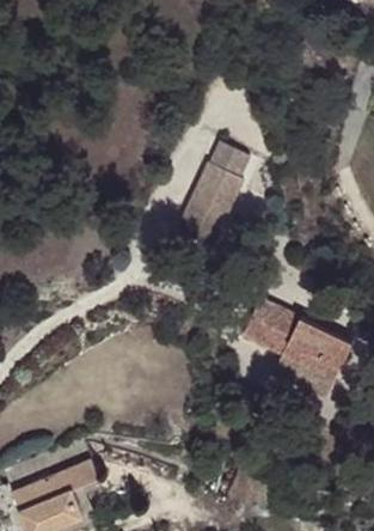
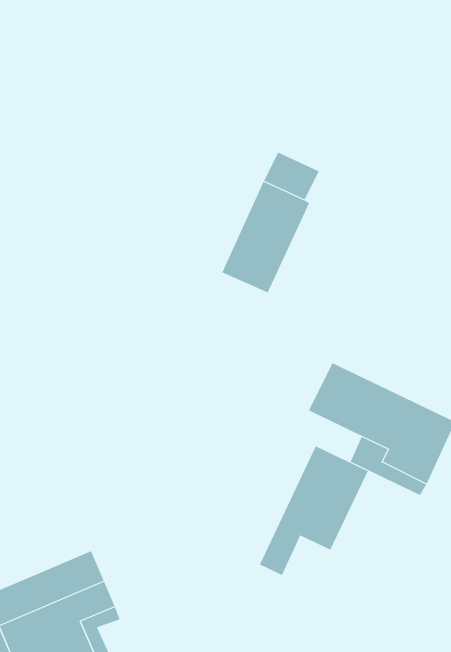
building: none -> [259,445,369,576]

